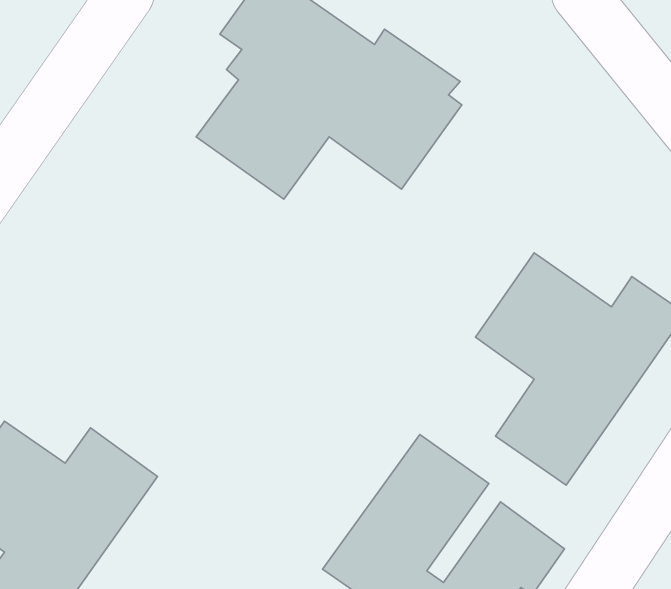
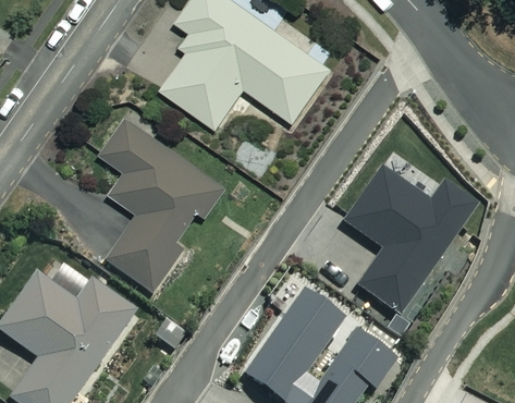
building: none -> [99,120,221,292]

